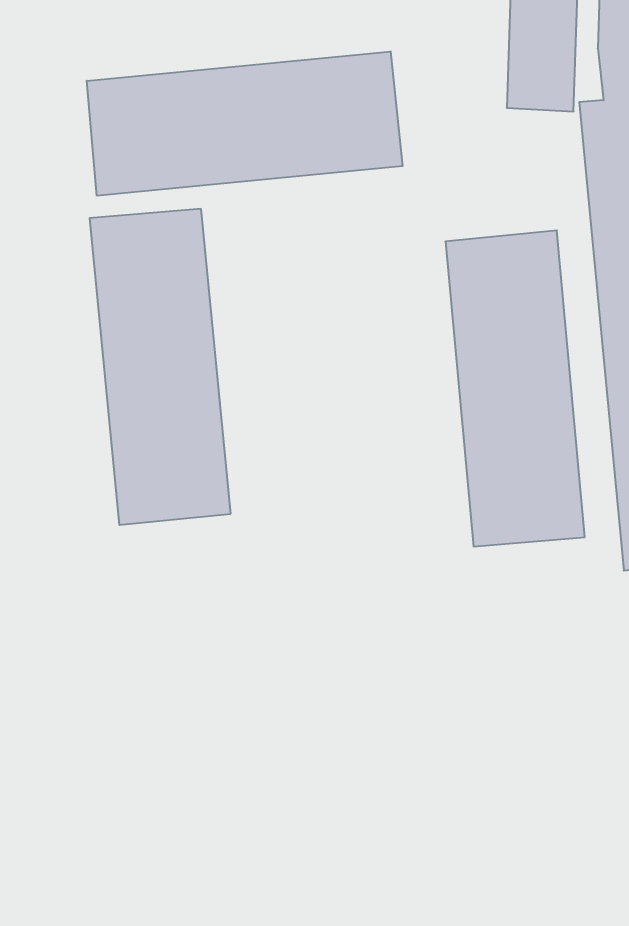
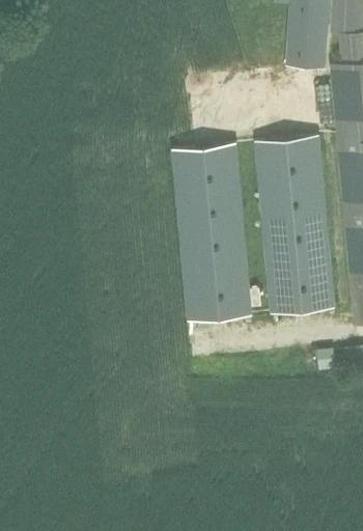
building: [87,51,403,196] -> none
building: [90,209,231,525] -> [172,145,251,322]

